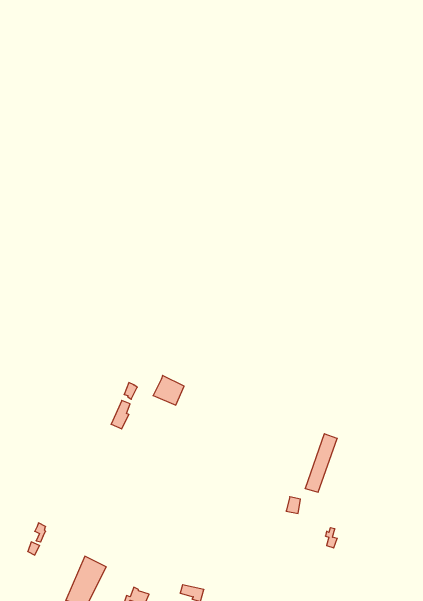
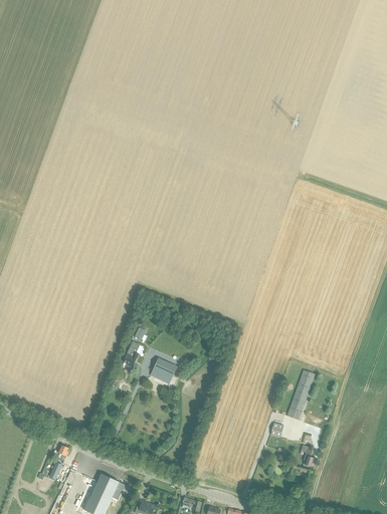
building: [153,375,184,405] -> [150,357,176,382]

